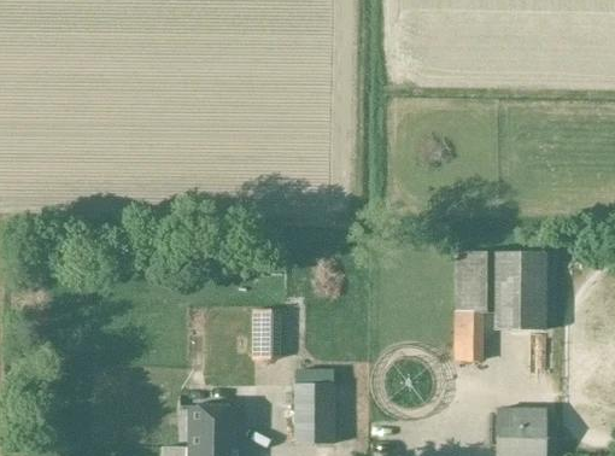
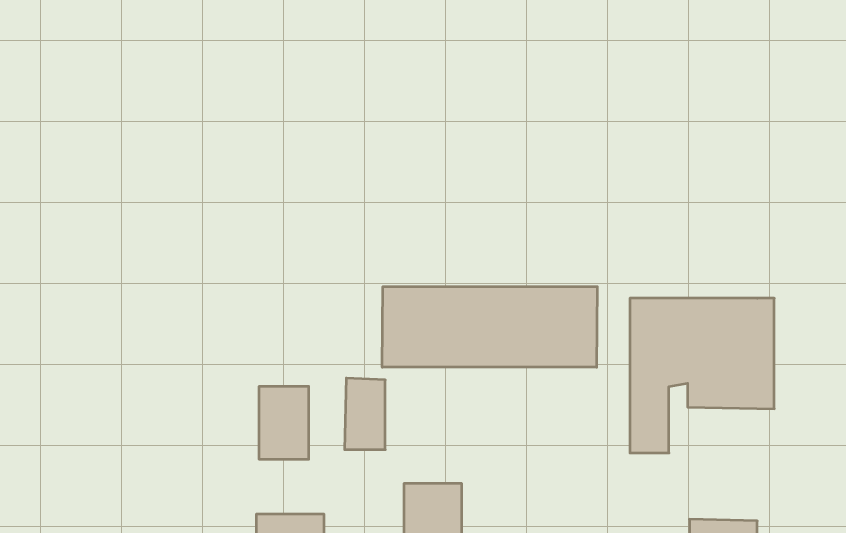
building: none -> [382,287,597,367]
building: none -> [259,386,309,459]

